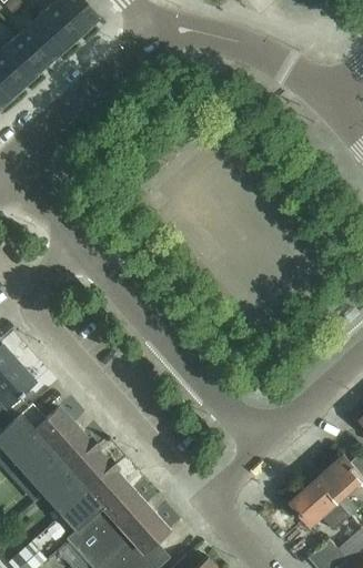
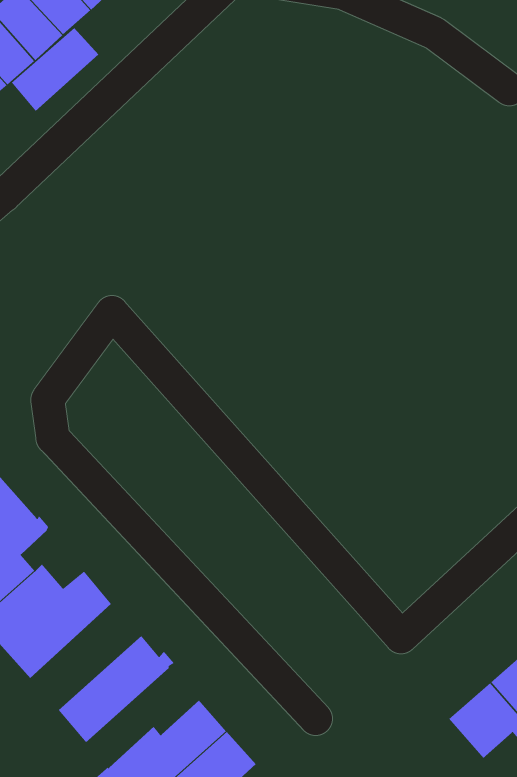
building: none -> [11,27,99,112]
building: [24,428,99,496] -> none
building: [60,469,132,532] -> none

